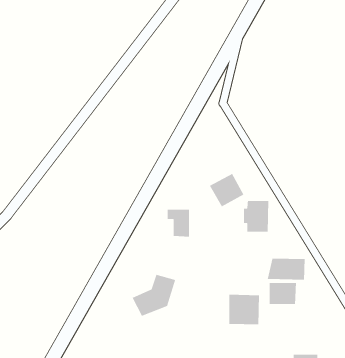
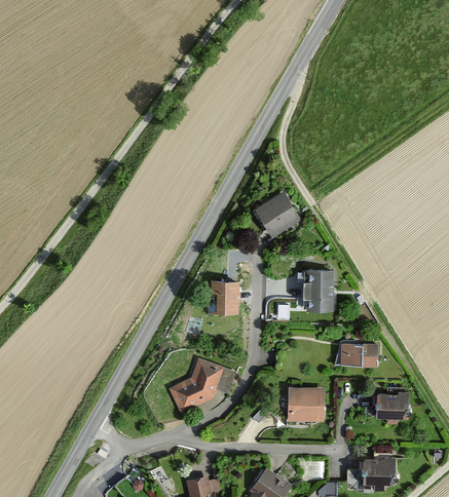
building: [209,173,244,208] -> [258,193,301,235]
building: [269,282,297,305] -> [376,391,410,419]

